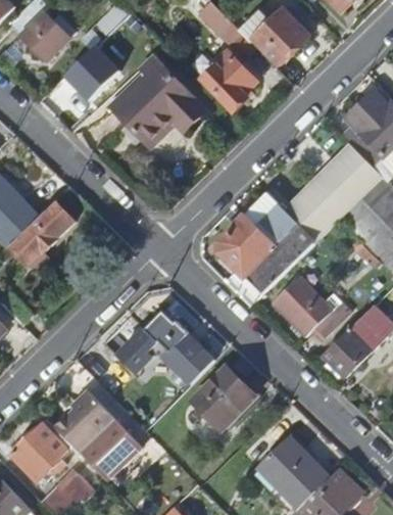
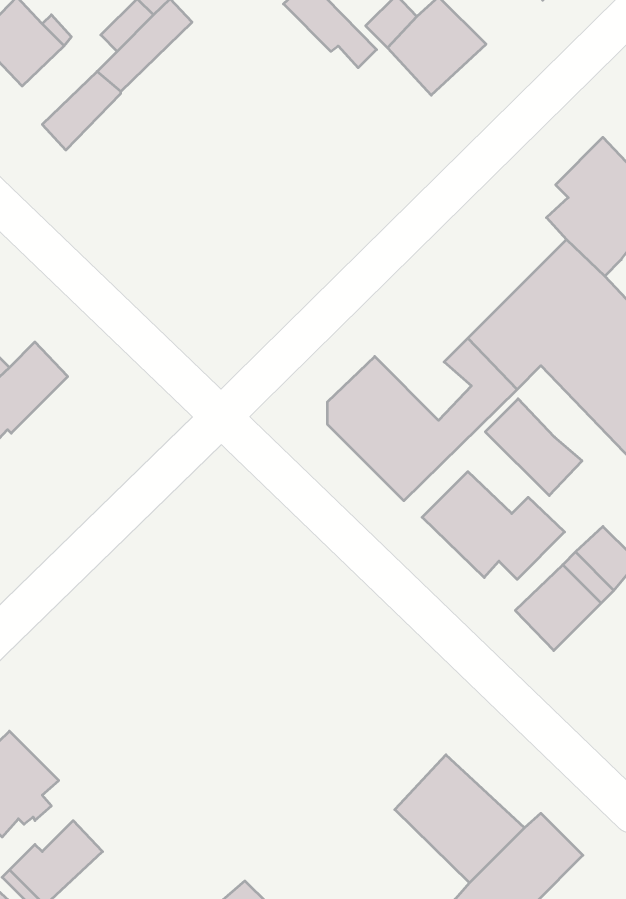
building: [200,55,255,111] -> none
building: [108,61,204,148] -> none
building: [246,193,300,247] -> [485,399,582,496]
building: [115,309,215,382] -> none
building: [193,366,255,428] -> none
building: [55,387,141,478] -> none

